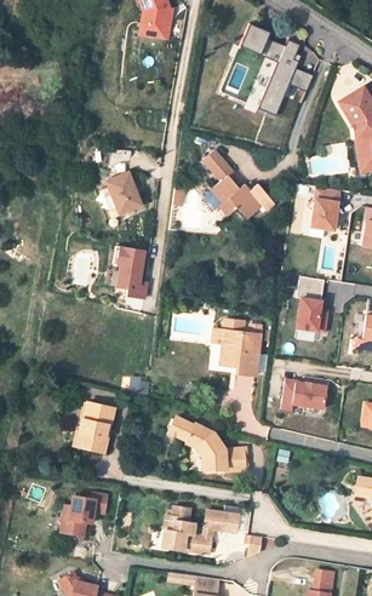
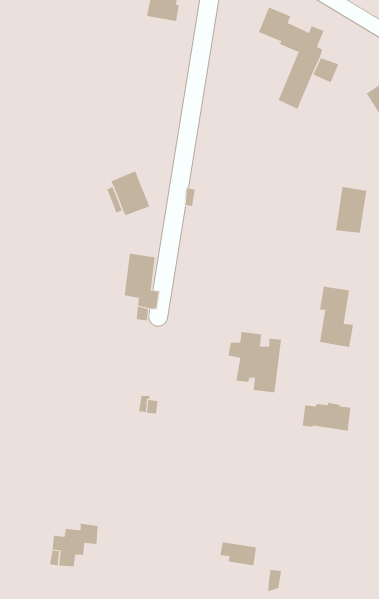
building: [204,150,275,219] -> none
building: [71,402,115,452] -> none
building: [168,416,245,471] -> none
building: [162,506,212,554] -> none

